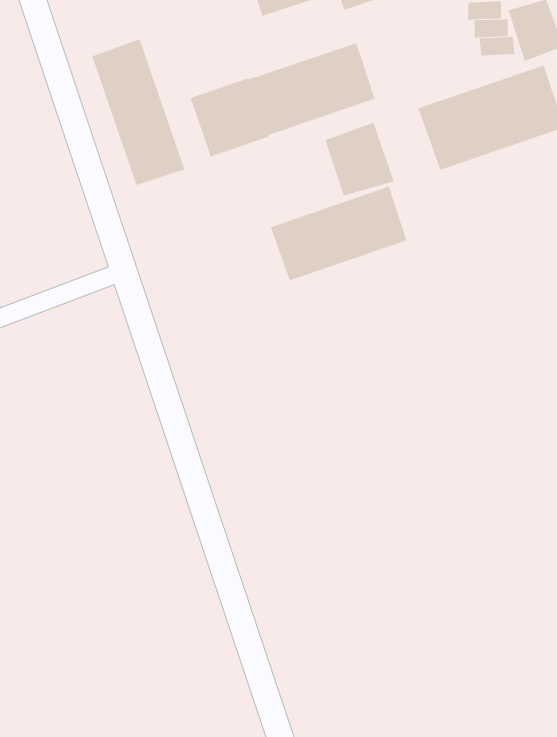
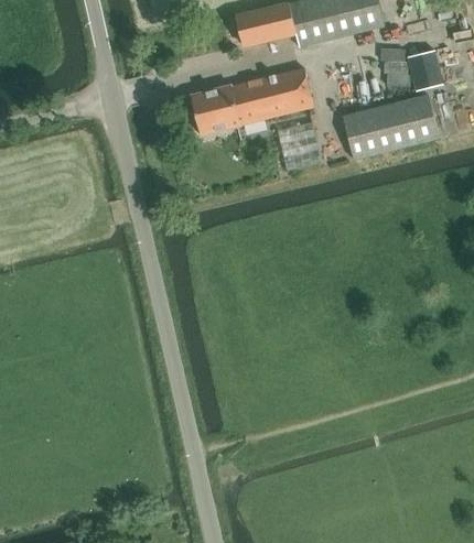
building: [92,38,185,186] -> none
building: [270,186,407,281] -> none

